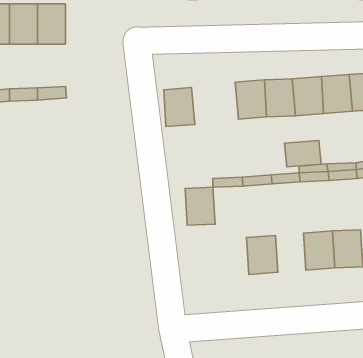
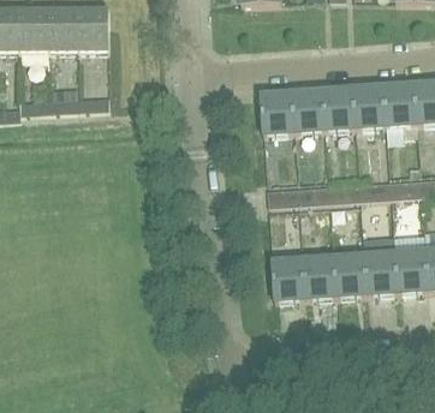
building: [164,88,195,127] -> [261,91,294,133]
building: [285,140,321,167] -> none
building: [185,187,215,225] -> [273,258,305,299]
building: none -> [334,253,367,295]

